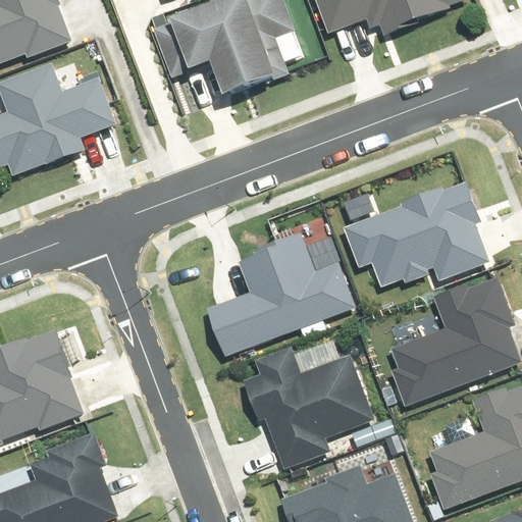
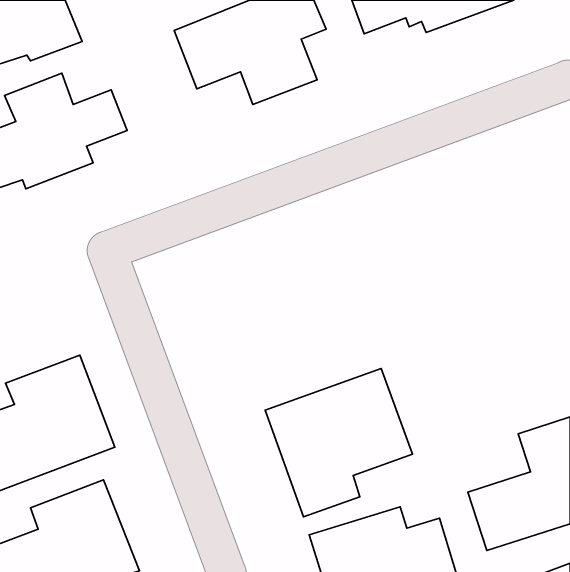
building: [344,189,486,278] -> none
building: [210,233,354,349] -> none
building: [379,279,509,404] -> none

